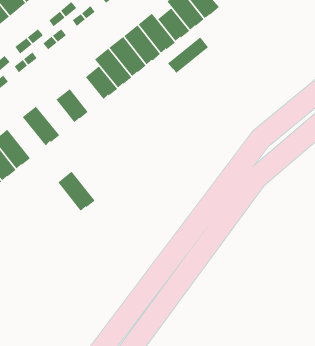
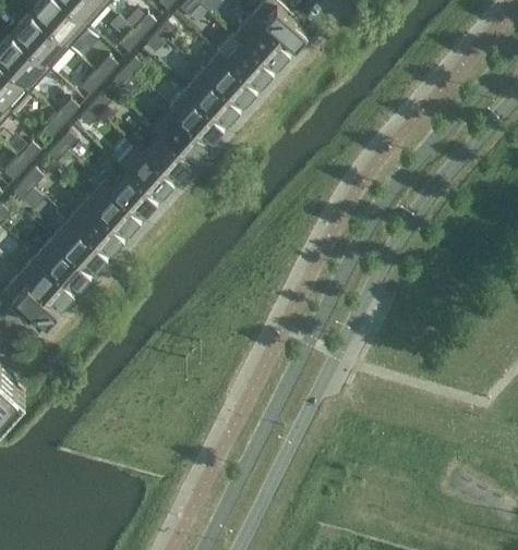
building: [167,37,209,74] -> none
building: none -> [119,147,173,199]
building: none -> [85,184,140,236]
building: [57,171,96,212] -> [52,221,107,273]

